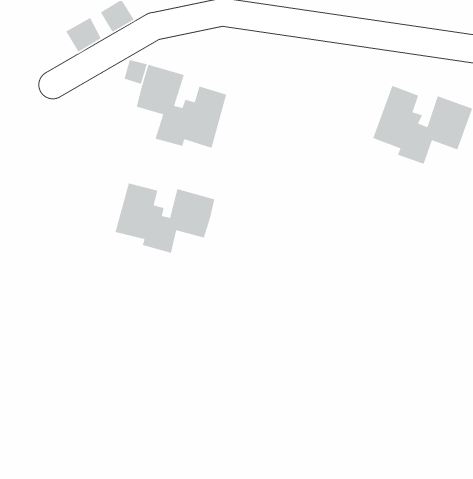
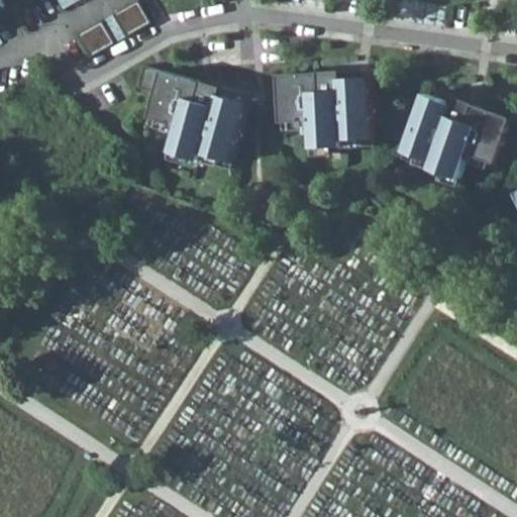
building: none -> [275,73,369,147]
building: [114,182,215,254] -> none

